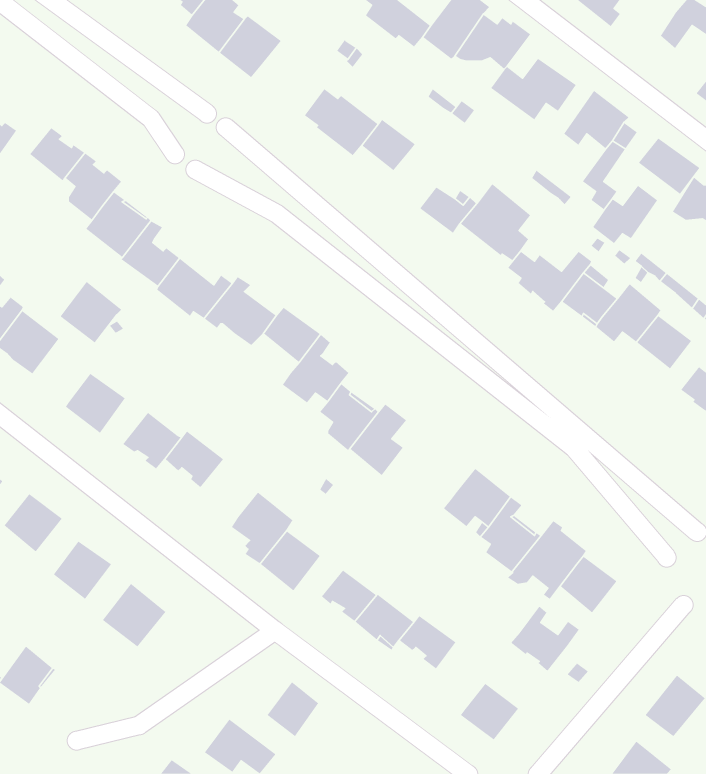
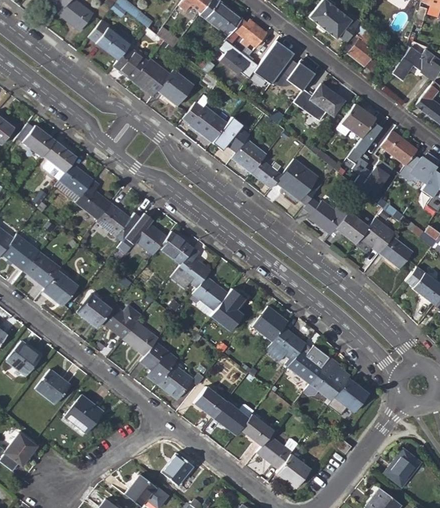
building: none -> [158,70,194,106]
building: none -> [233,139,267,173]
building: [59,281,122,343] -> [24,250,61,287]
building: none -> [253,305,289,341]
building: none -> [123,321,158,355]
building: [510,606,580,672] -> [257,429,298,468]

